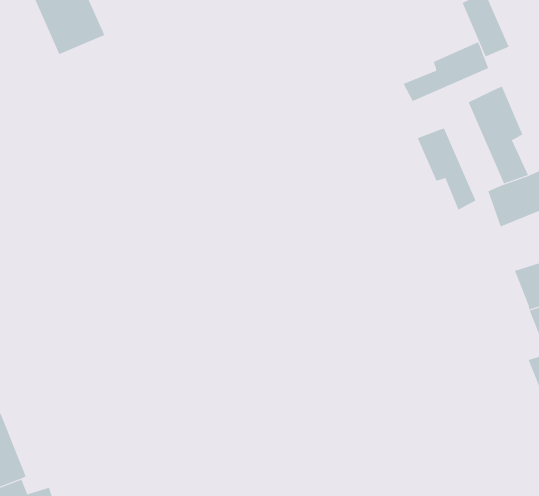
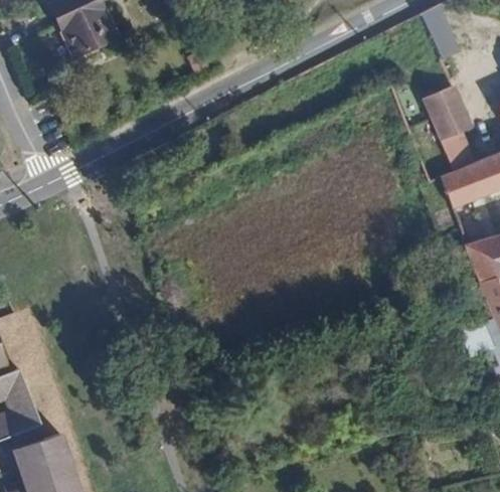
building: [403,41,489,102] -> none
building: [417,127,476,210] -> none

